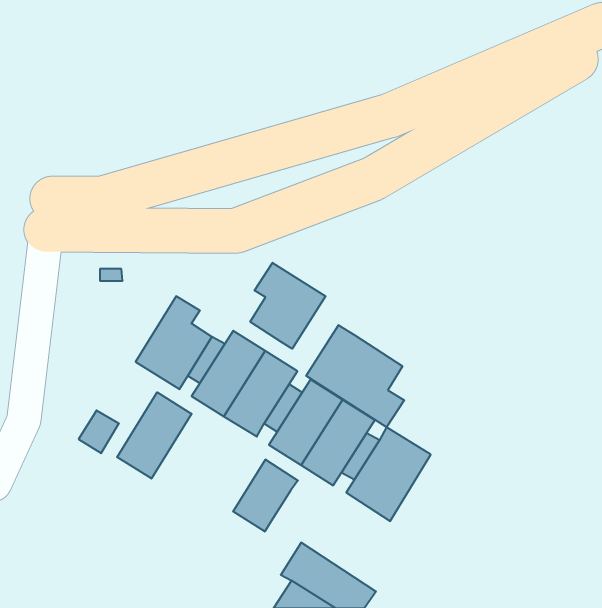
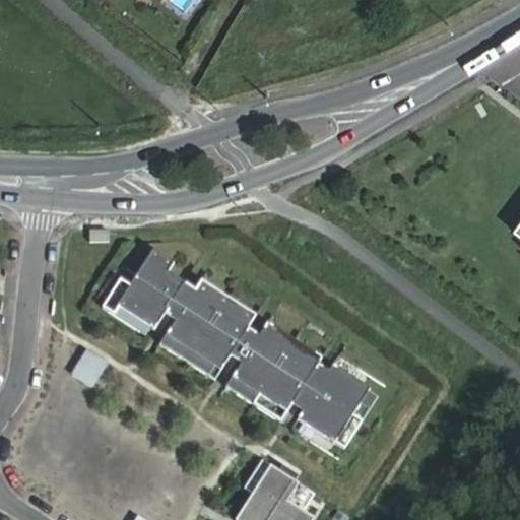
building: [250,263,326,349] -> none
building: [306,325,404,427] -> none
building: [117,392,192,479] -> none
building: [233,459,298,532] -> none

